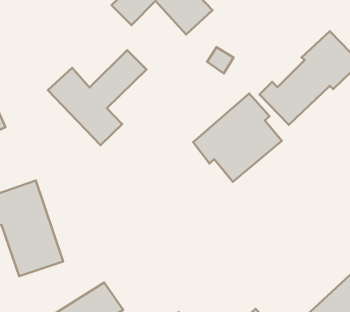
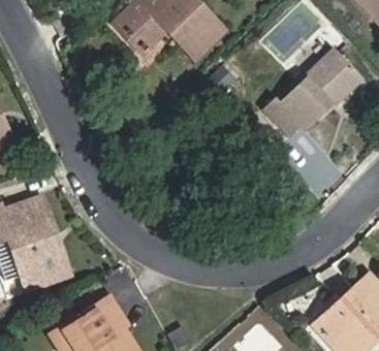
building: [48,50,147,145] -> none
building: [193,93,282,182] -> none

